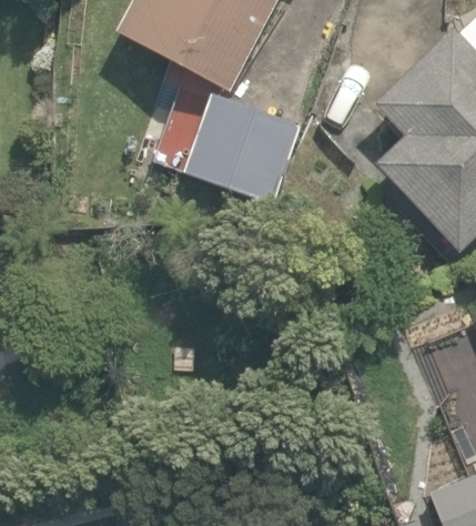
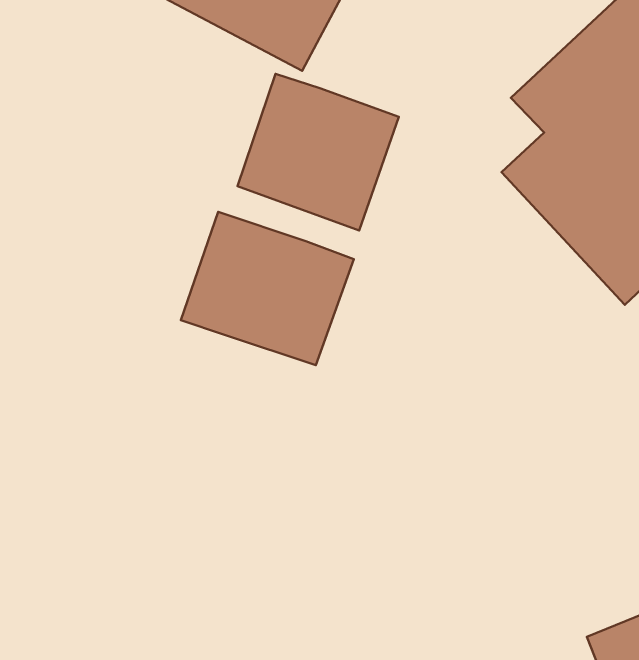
building: none -> [181,212,354,365]

